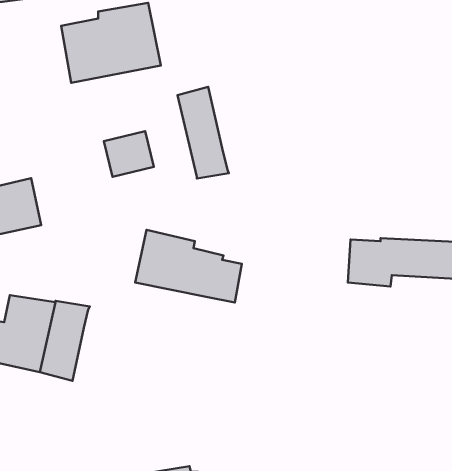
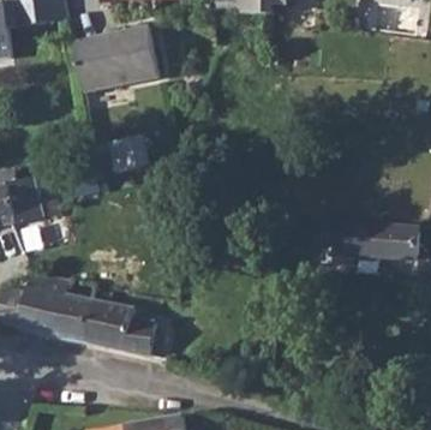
building: [177,87,229,178] -> none
building: [135,230,242,302] -> [83,299,173,360]

